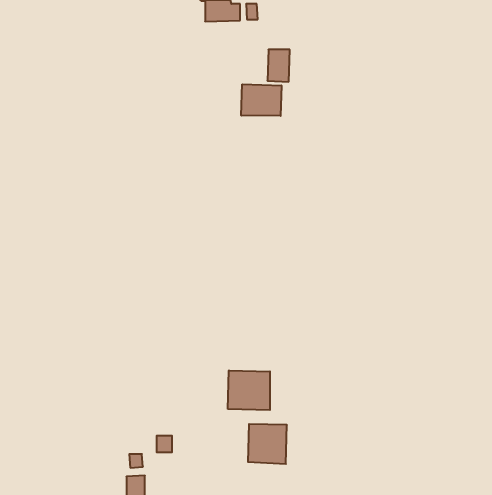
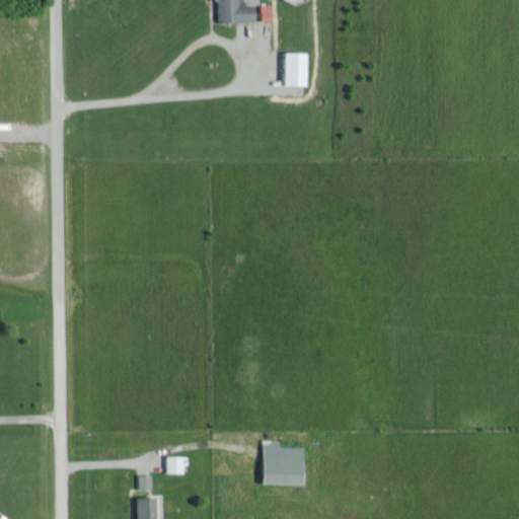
building: [241,84,281,116] -> none
building: [228,370,270,410] -> none

